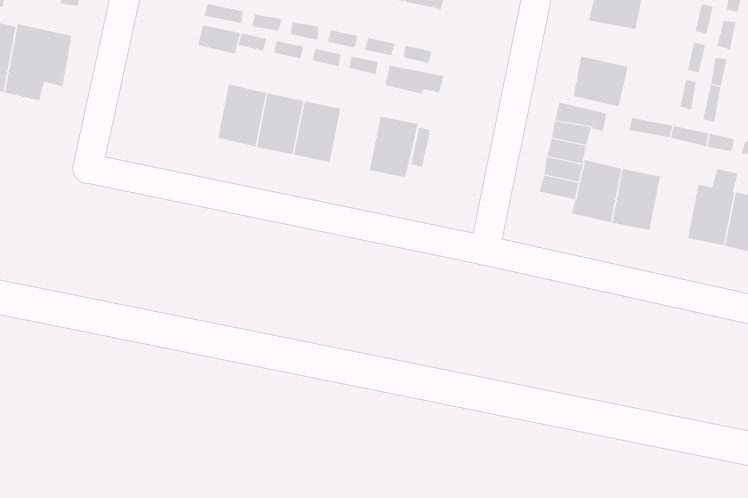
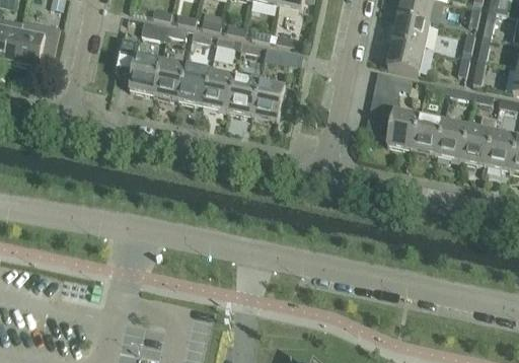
building: none -> [392,17,429,48]
building: none -> [115,40,161,94]
building: none -> [228,72,262,116]
building: none -> [438,120,469,160]

